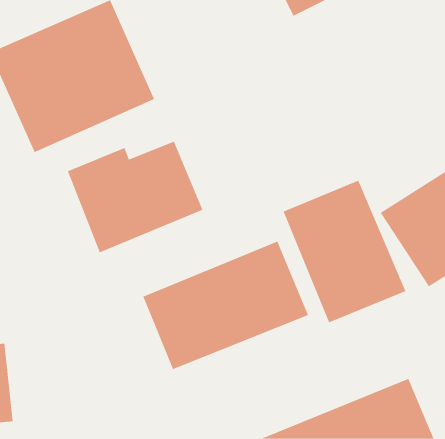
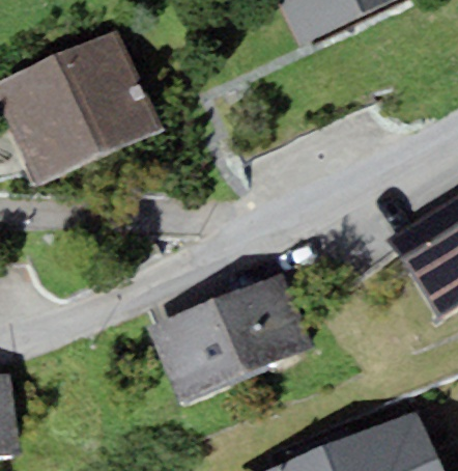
building: [67,141,203,253] -> none
building: [283,180,406,323] -> none

